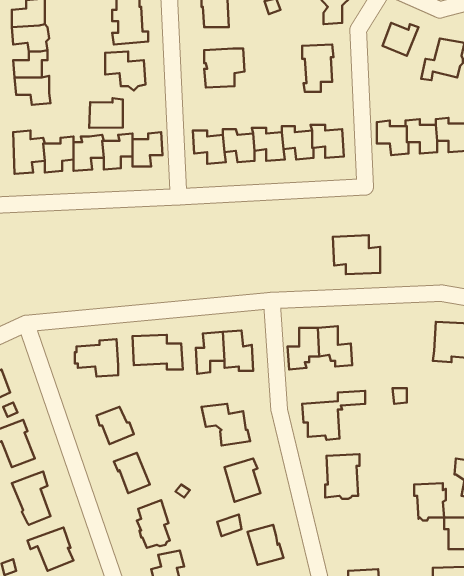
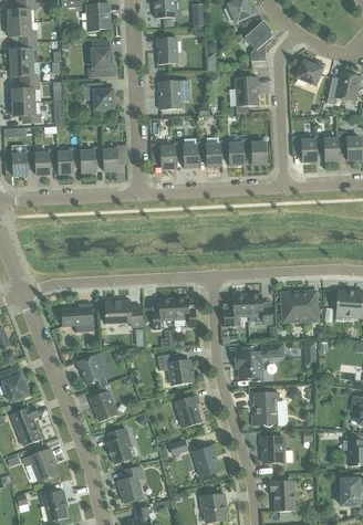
building: [89,98,123,128] -> none
building: [333,235,380,274] -> [280,291,317,321]
building: [414,483,446,520] -> [260,435,284,464]

